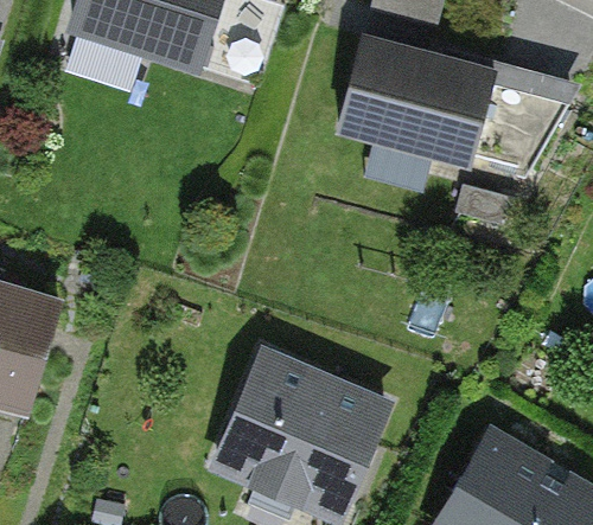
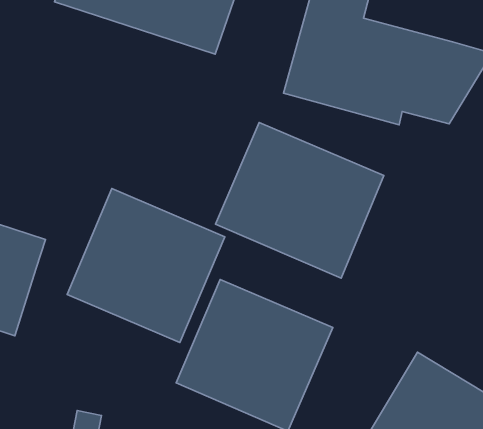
building: none -> [215,123,384,278]
building: none -> [67,188,225,342]

